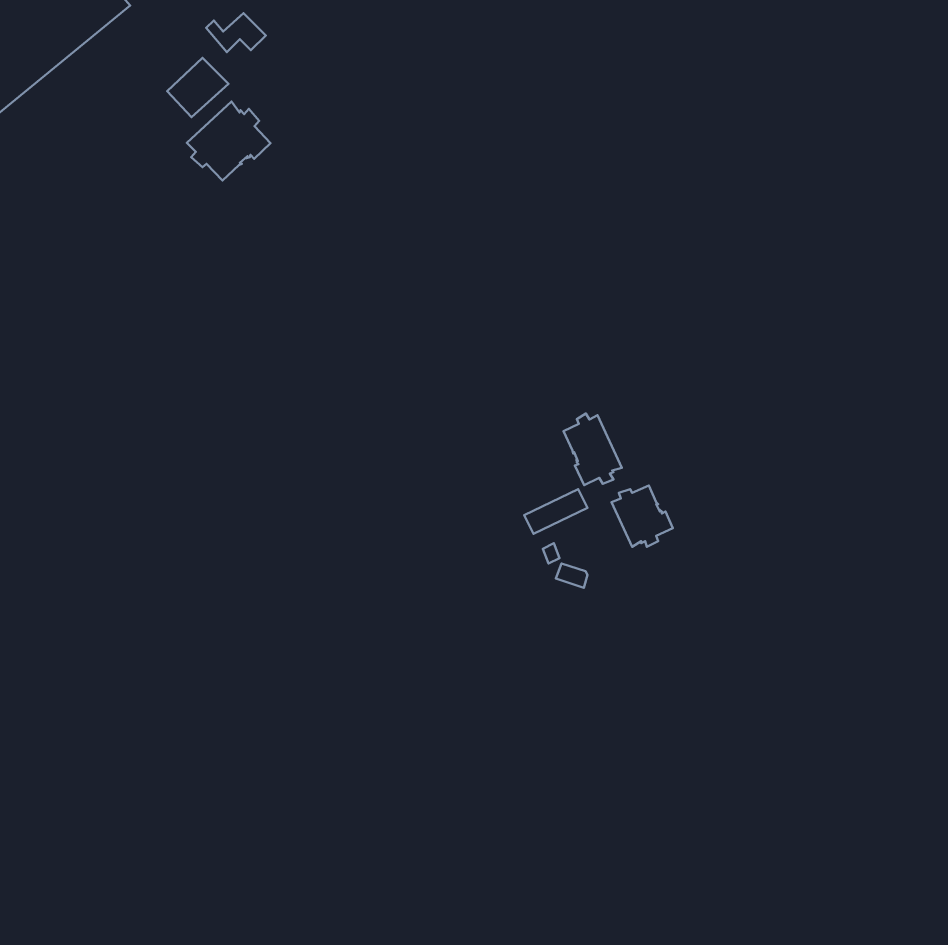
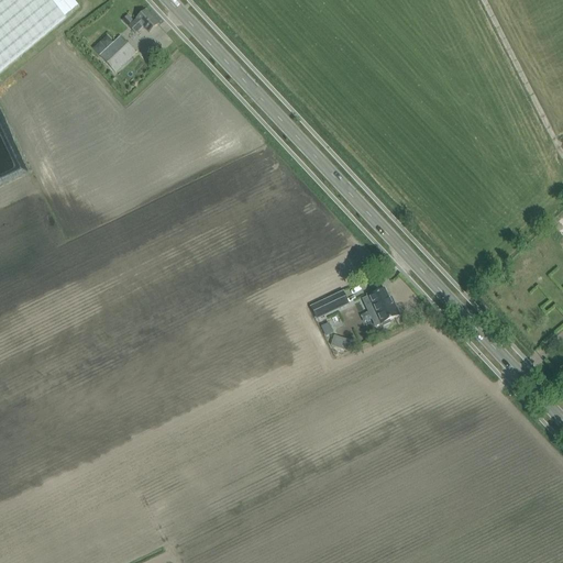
building: [187,101,270,181] -> none
building: [563,413,622,485] -> none

